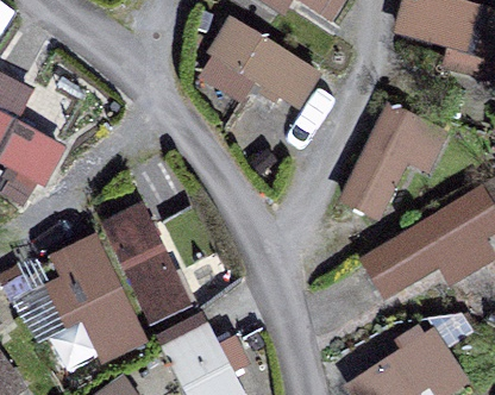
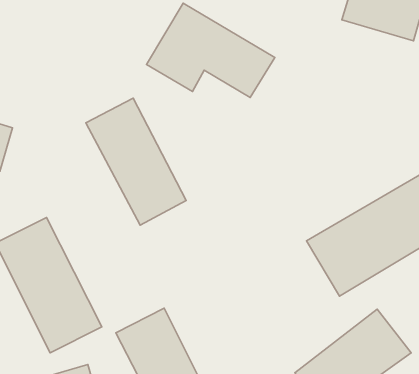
building: [338,120,430,226] -> none
building: [95,200,196,328] -> [86,98,186,225]

